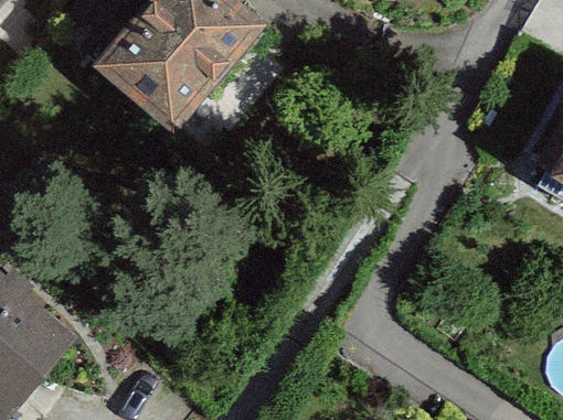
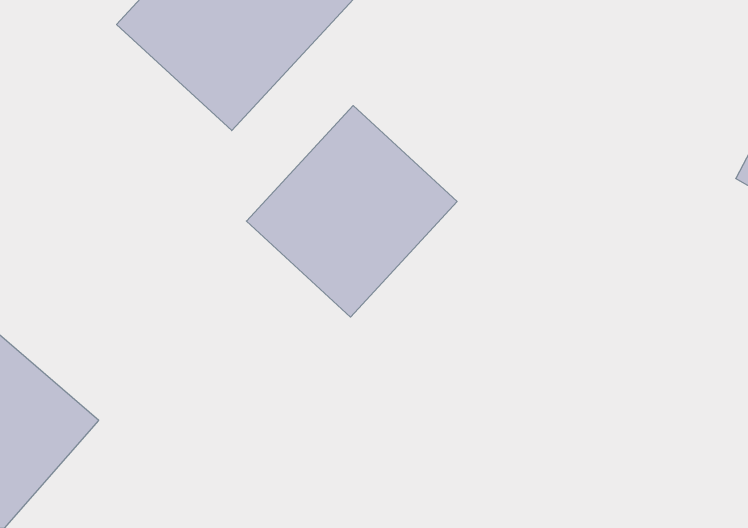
building: none -> [246,106,457,317]

